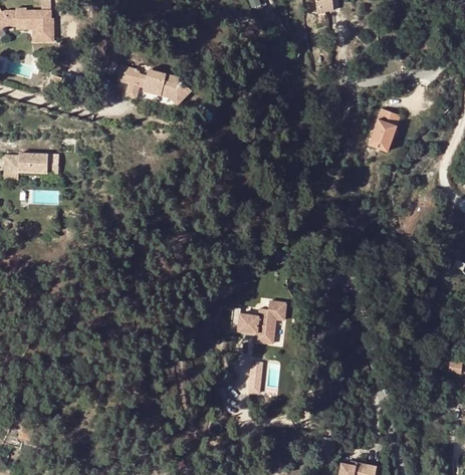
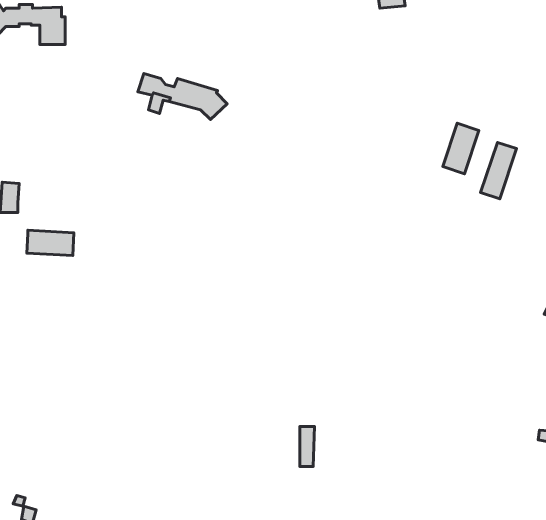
building: none -> [481,142,516,199]
building: [17,154,56,175] -> [27,230,74,256]
building: [238,301,285,343] -> none

